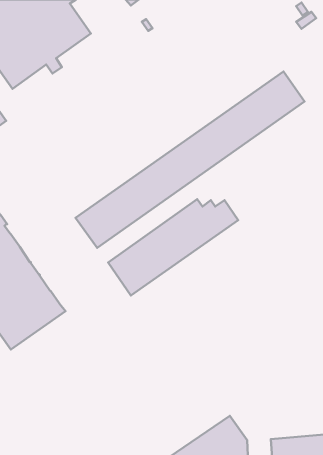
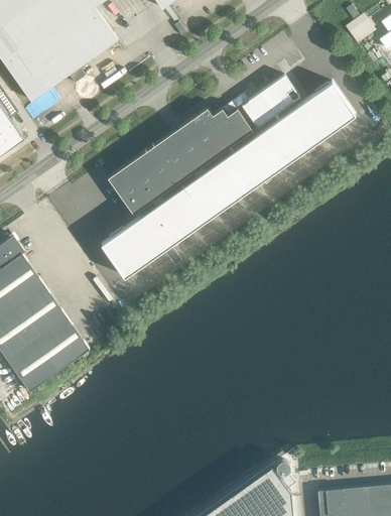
building: none -> [242,76,300,127]
building: [108,199,238,295] -> [108,108,252,215]

